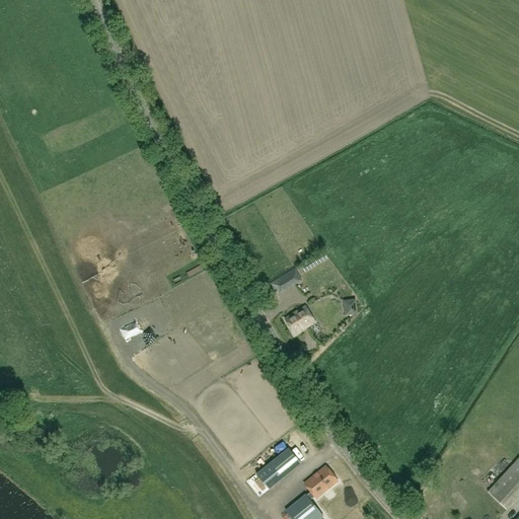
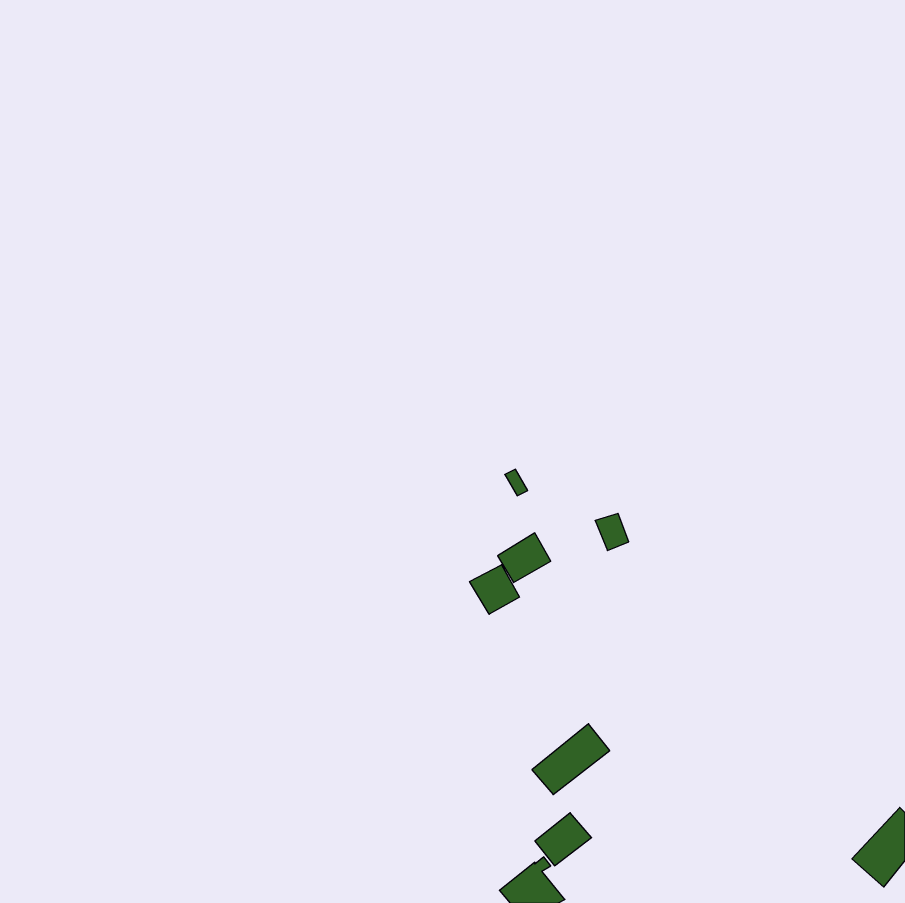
building: none -> [470,565,519,614]
building: [256,447,301,488] -> [532,724,610,795]

